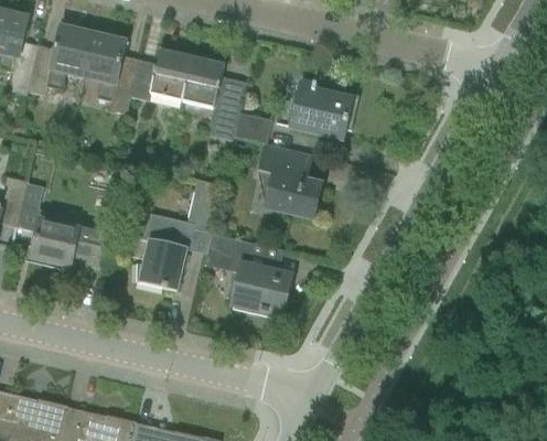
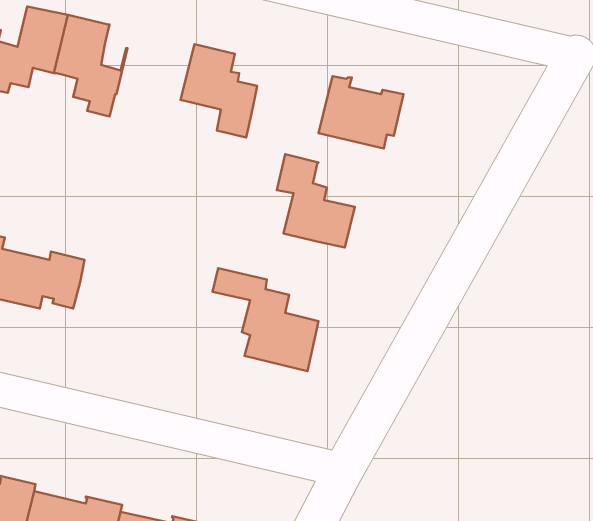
building: [130,47,192,99] -> none
building: [232,110,269,141] -> none
building: [136,187,218,288] -> none

